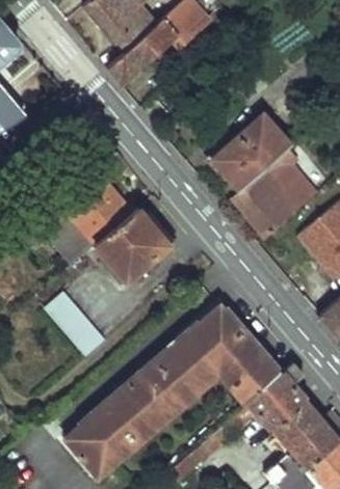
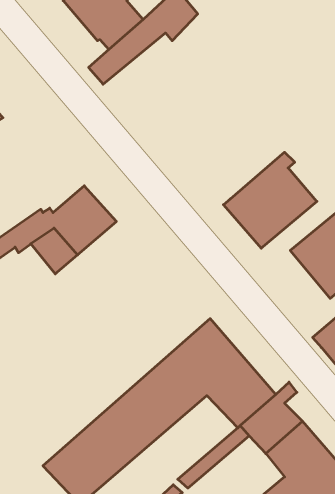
building: [212,112,290,190] -> none
building: [95,211,158,276] -> none
building: [46,291,106,354] -> none

